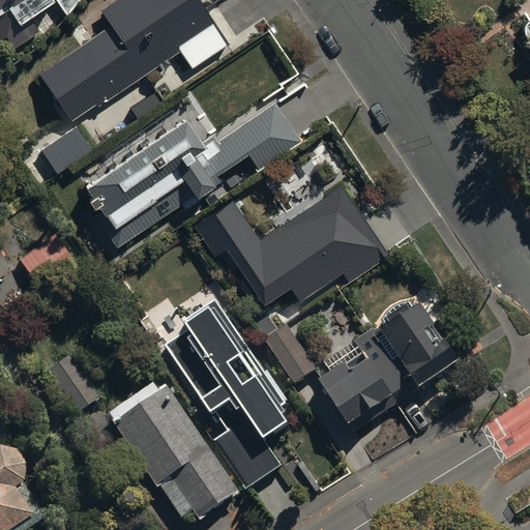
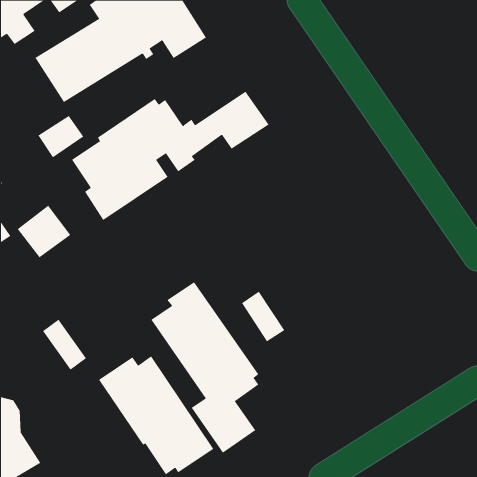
building: [193,183,388,303] -> none
building: [321,306,464,426] -> none

